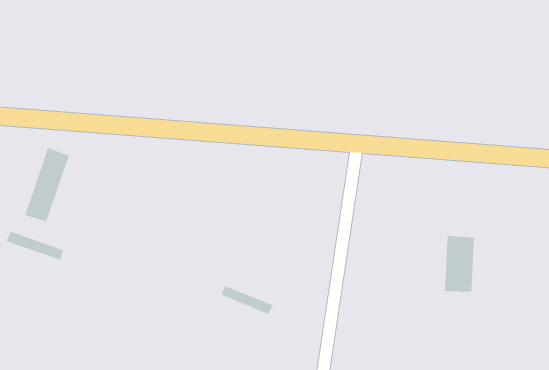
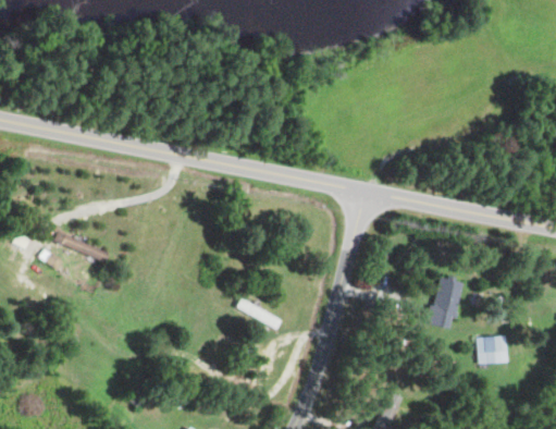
building: [24,147,70,222] -> none
building: none -> [480,338,507,364]

